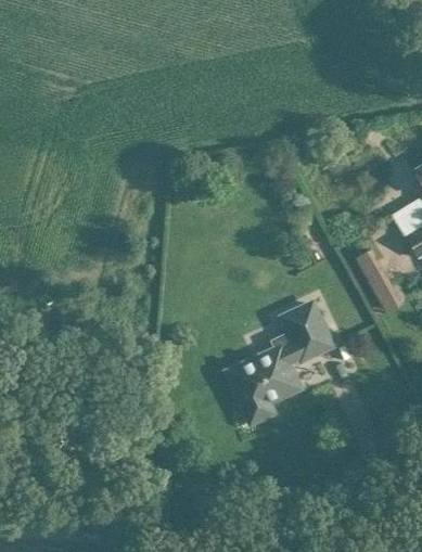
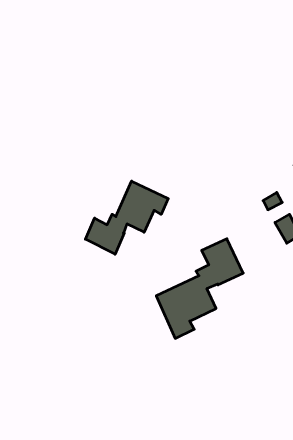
building: none -> [85,181,168,254]

